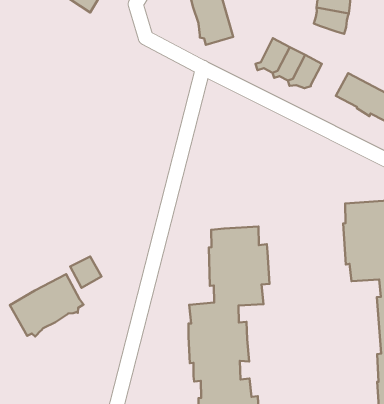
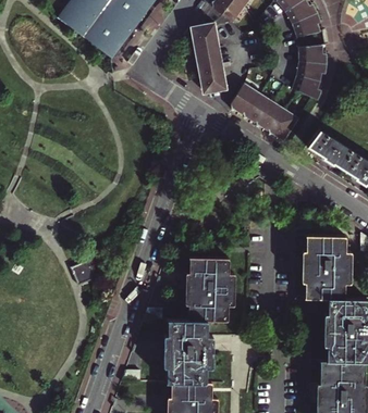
building: none -> [232,85,260,114]
building: [10,274,83,337] -> none

